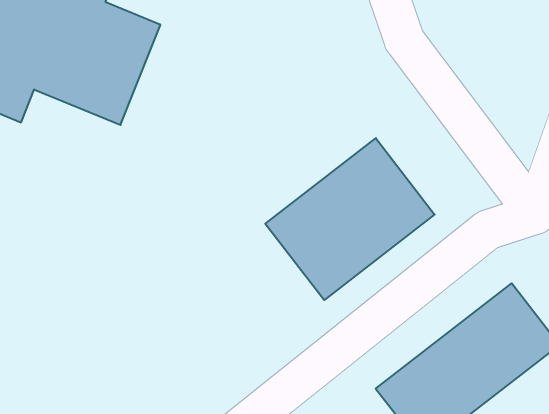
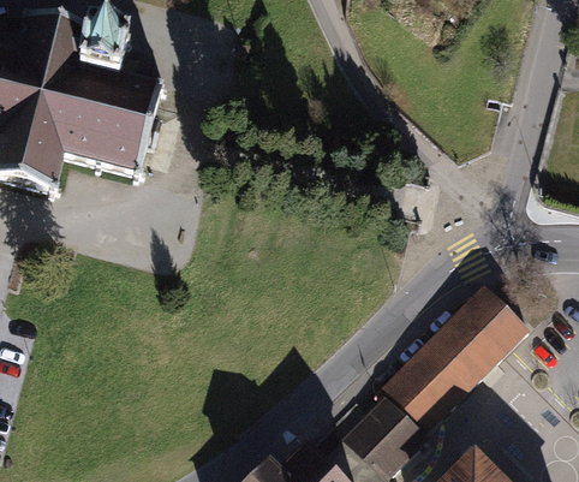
building: [265,138,435,300] -> none

